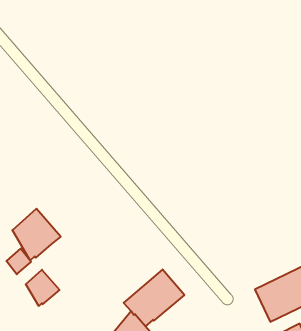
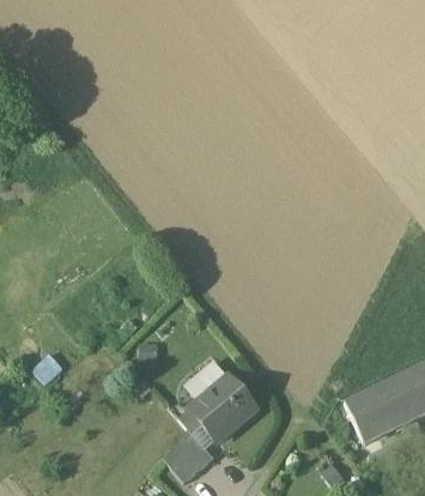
building: [12,209,61,261] -> none
building: [26,270,59,306] -> none

